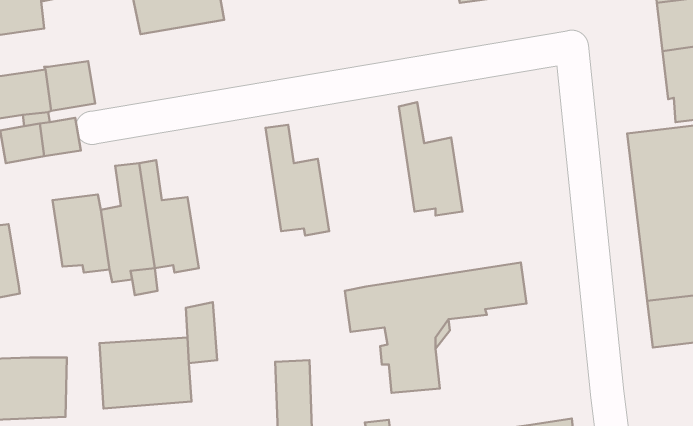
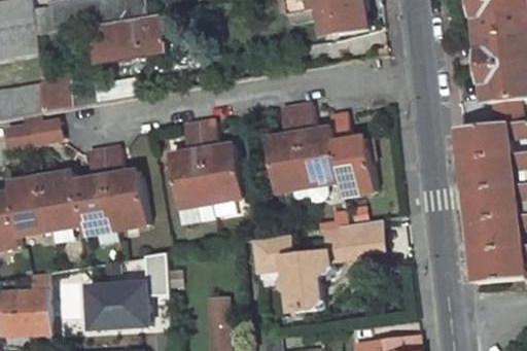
building: none -> [260,108,303,195]
building: none -> [327,117,374,200]
building: none -> [167,124,206,209]
building: none -> [7,176,47,237]

